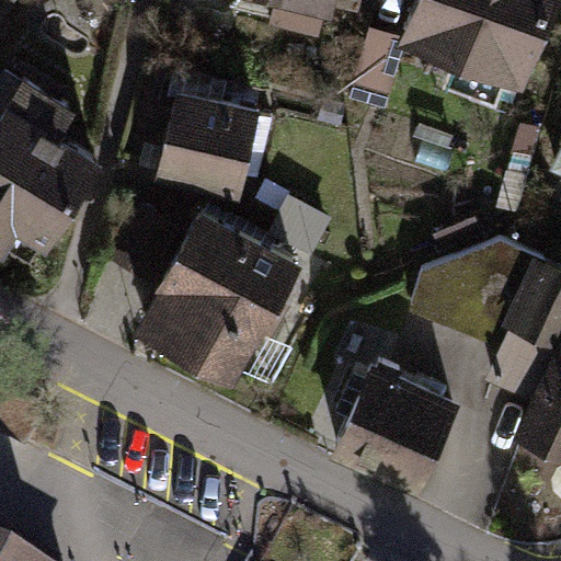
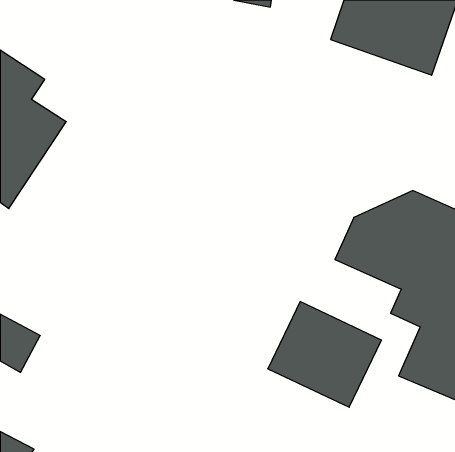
building: [149,89,264,192] -> none
building: [136,206,295,374] -> none

